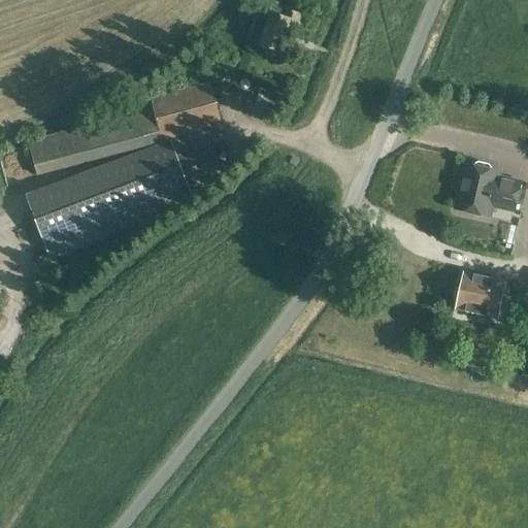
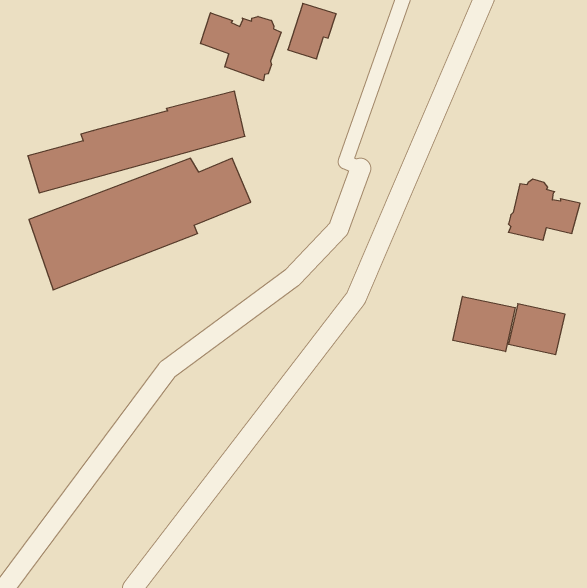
building: none -> [201,13,281,81]
building: none -> [453,296,515,352]

